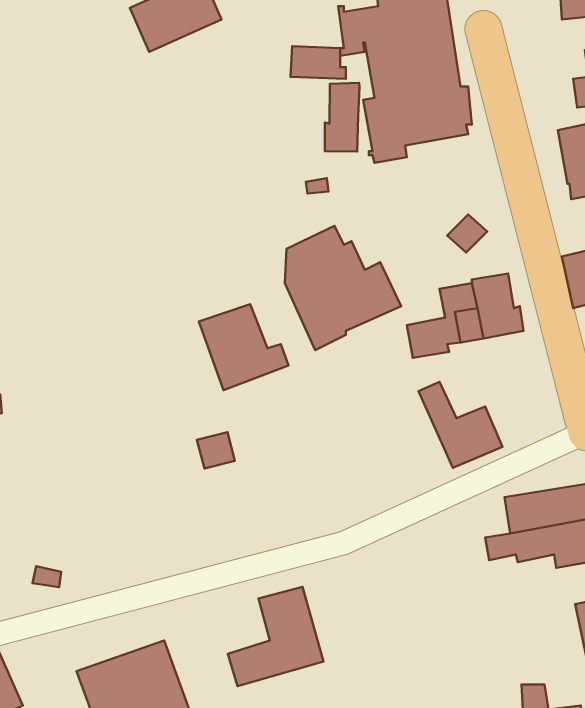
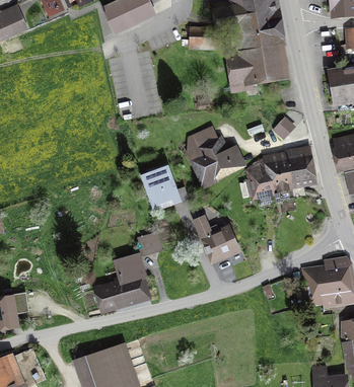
building: [325,83,360,152] -> none
building: [418,382,502,468] -> [193,215,237,260]
building: [228,587,323,686] -> [99,254,150,307]

